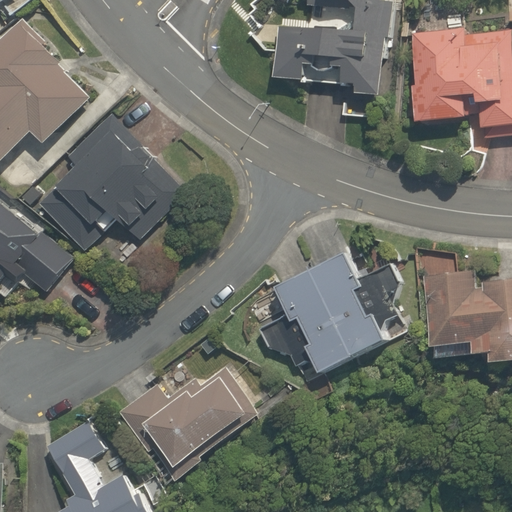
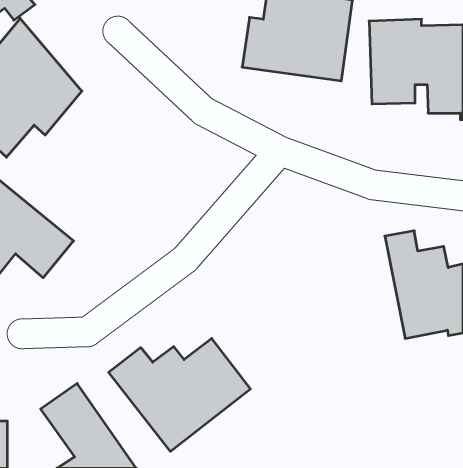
building: [36,108,188,254] -> none
building: [253,251,401,389] -> none

